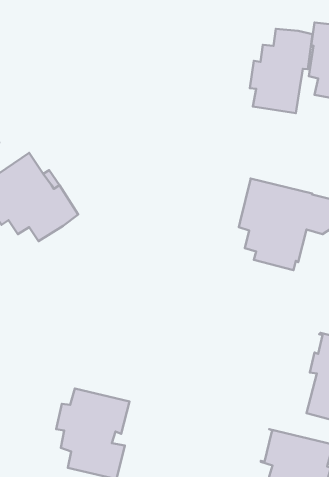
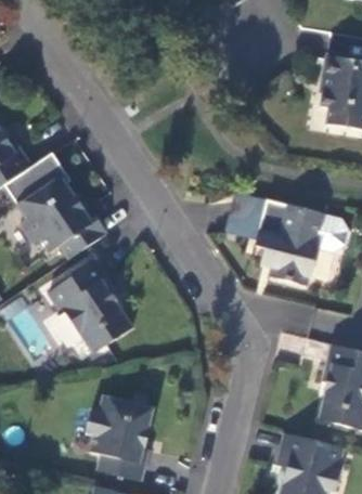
building: [250,29,313,113] -> none
building: none -> [224,193,266,239]
building: none -> [48,260,131,352]

